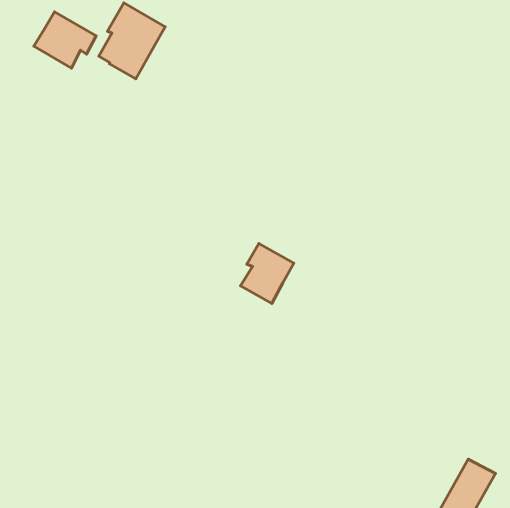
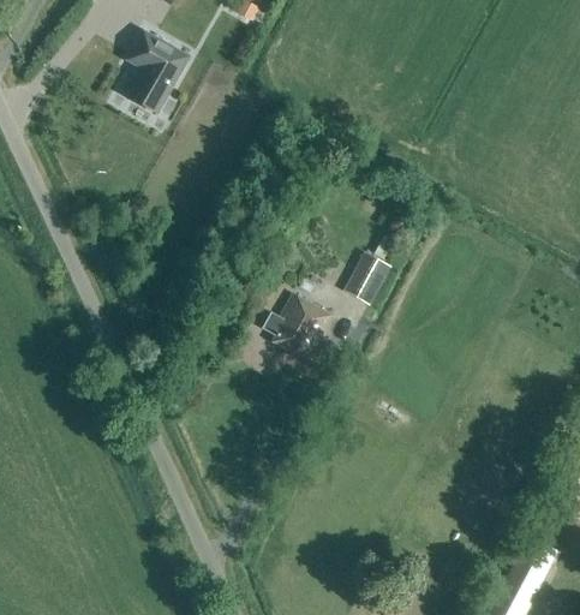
building: [34,12,96,68] -> none
building: none -> [342,251,390,305]

